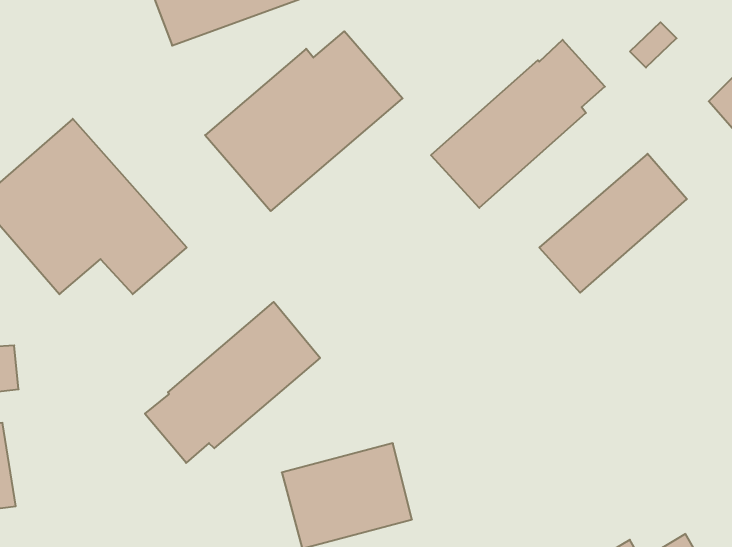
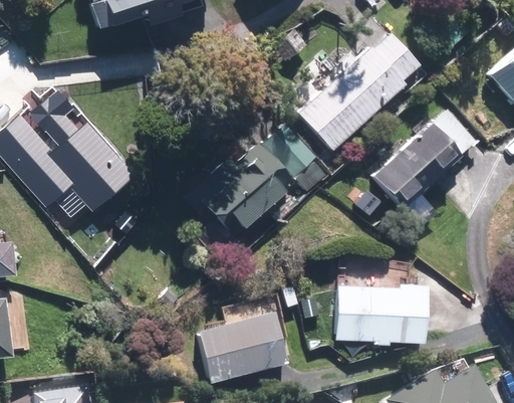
building: [205,31,403,211] -> [187,123,322,246]
building: [145,302,320,463] -> none
building: none -> [336,283,427,339]

